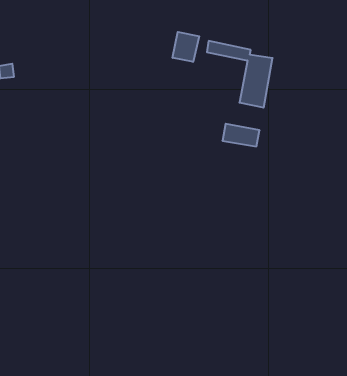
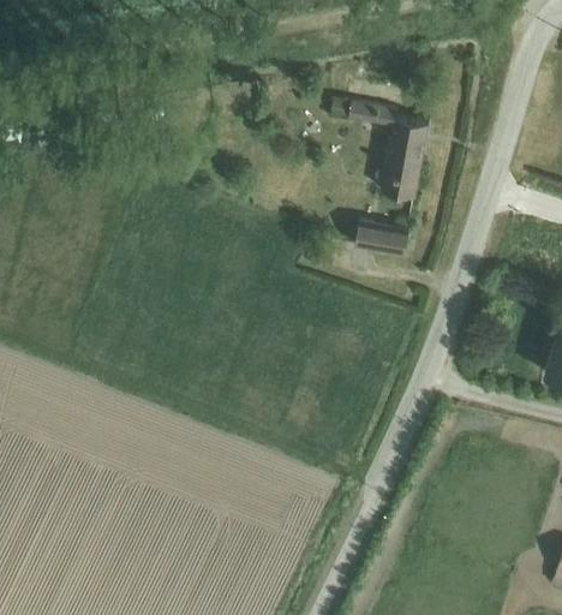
building: [173,32,199,62] -> none

